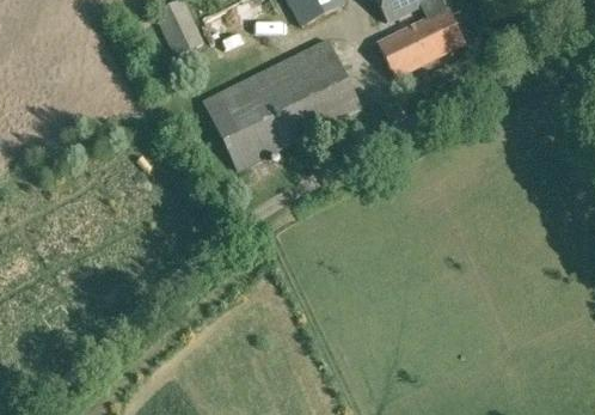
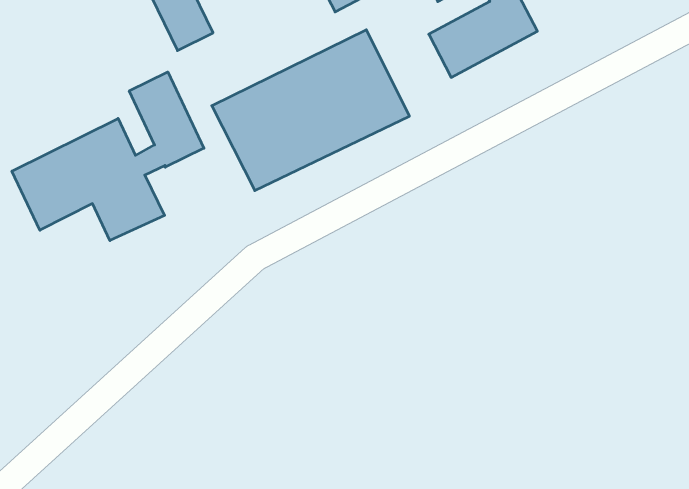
building: none -> [12,72,204,241]

